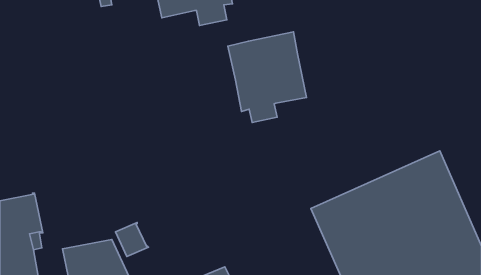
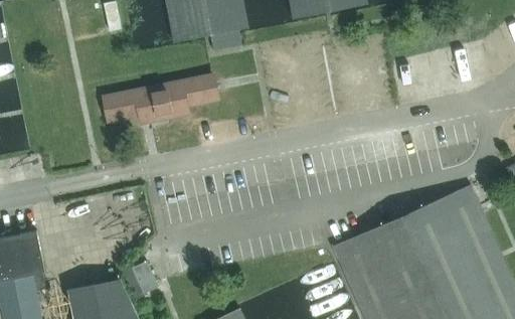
building: [228,32,306,122] -> none
building: none -> [104,75,217,122]

